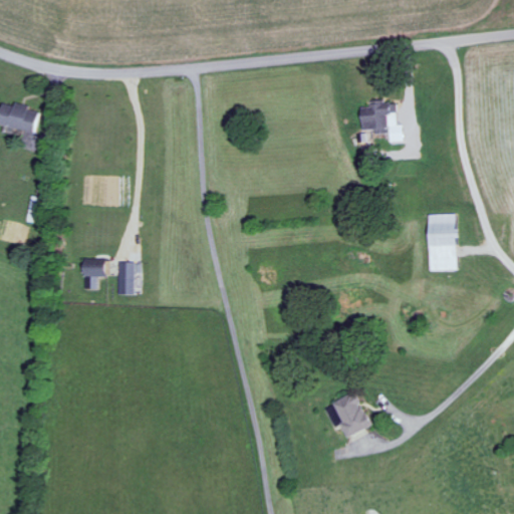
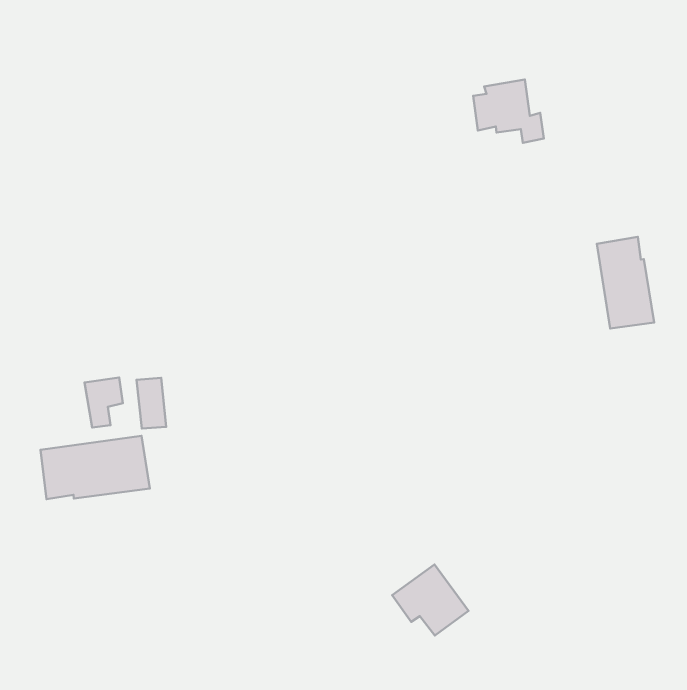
building: none -> [41,436,150,499]
building: [323,393,371,439] -> [392,565,469,636]

